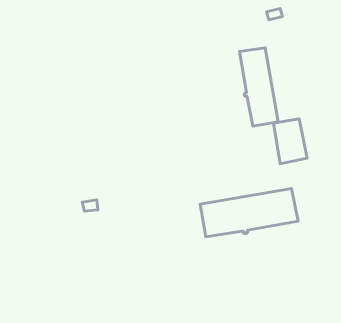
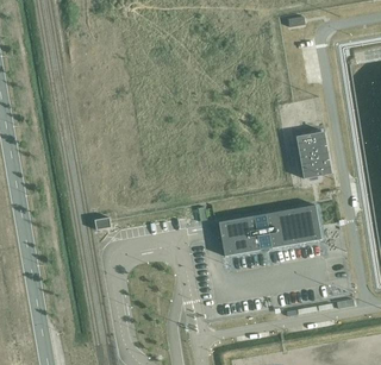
building: [240,48,278,126] -> none

